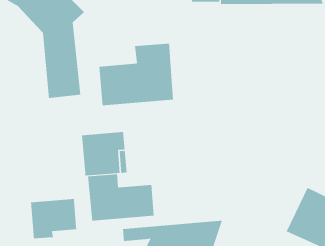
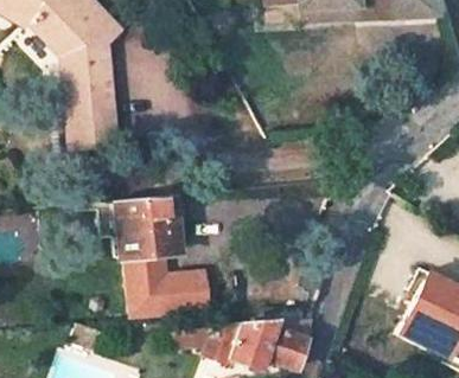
building: [99,43,173,106] -> none
building: [30,198,77,239] -> none

